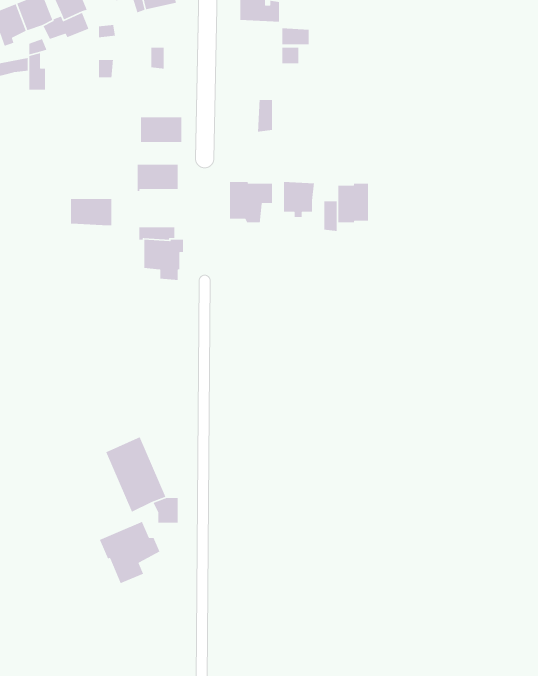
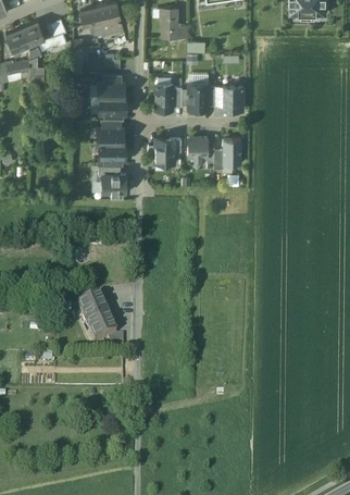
building: none -> [97,81,124,97]
building: none -> [155,83,173,109]
building: none -> [188,83,208,109]
building: none -> [221,86,242,109]
building: [70,198,112,226] -> [99,143,125,160]
building: [99,521,161,584] -> none

